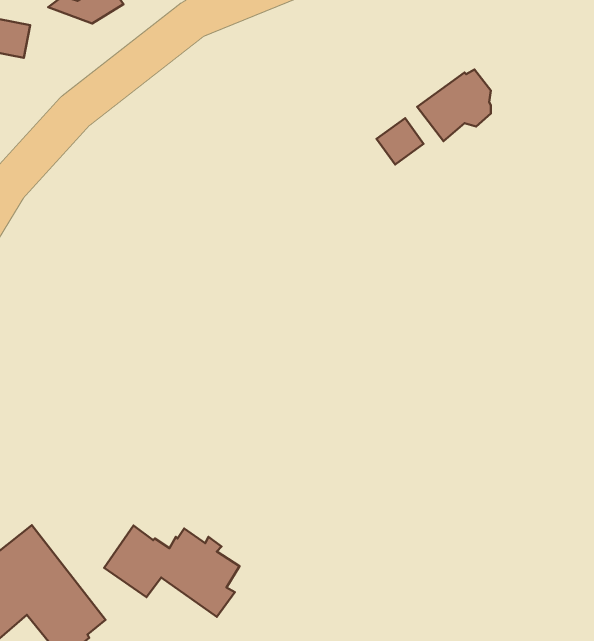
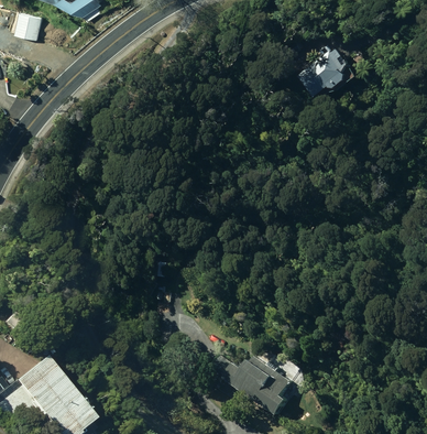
building: [377,118,424,164] -> none
building: [104,525,240,617] -> [201,351,293,413]

